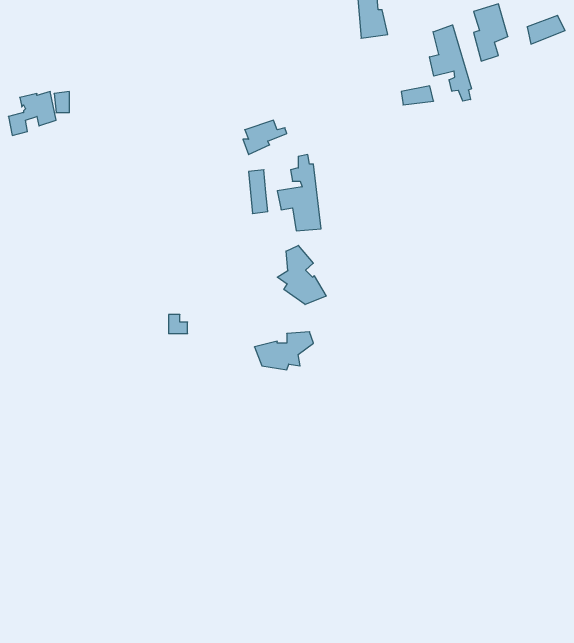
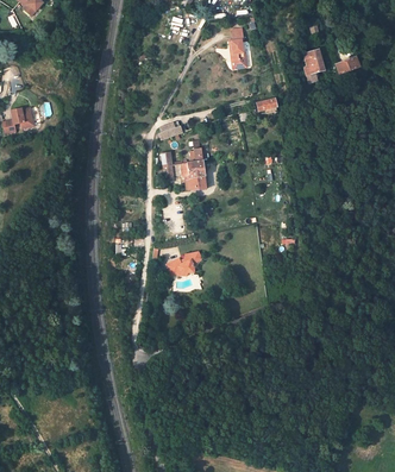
building: [430,25,471,101] -> none
building: [277,245,326,305] -> none

